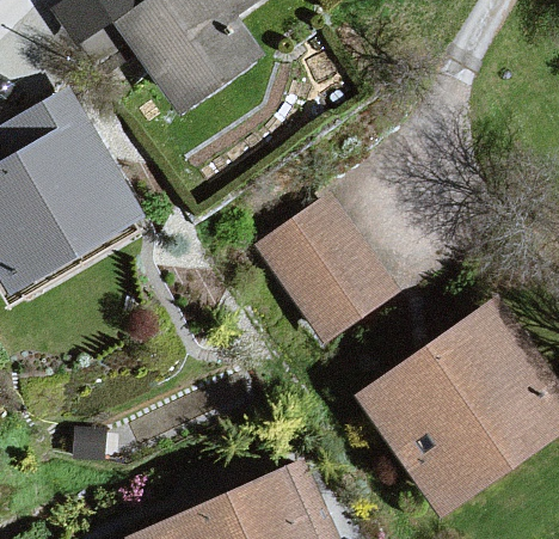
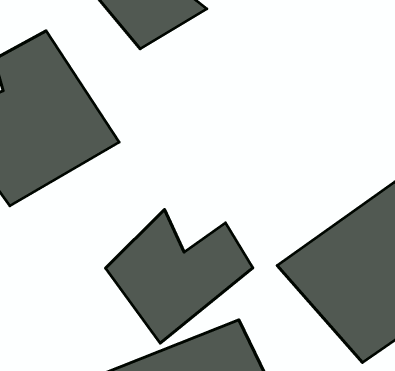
building: [238,196,391,343] -> none
building: none -> [105,209,253,343]

